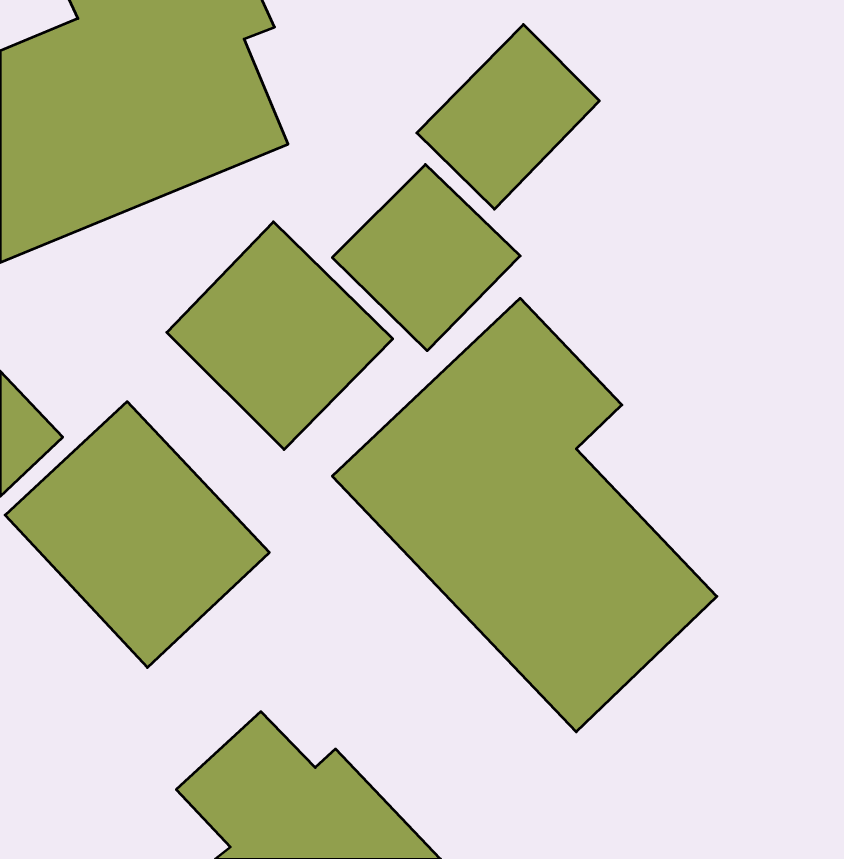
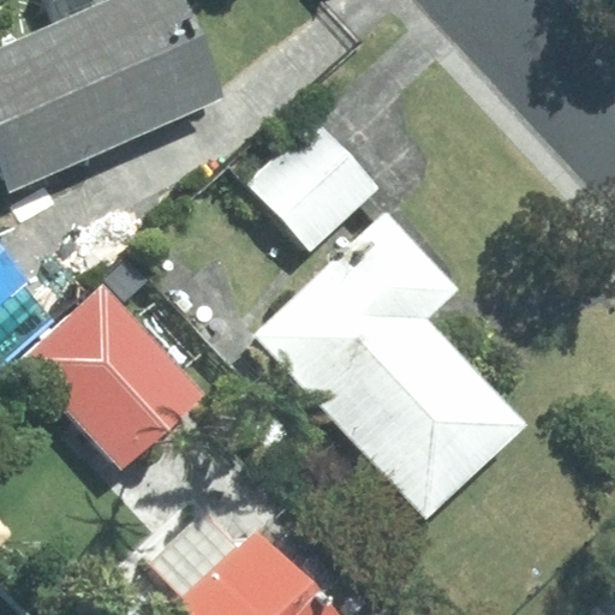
building: [417,24,599,209] -> none
building: [167,222,393,450] -> none

